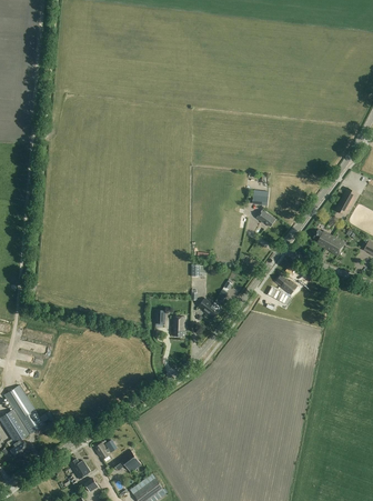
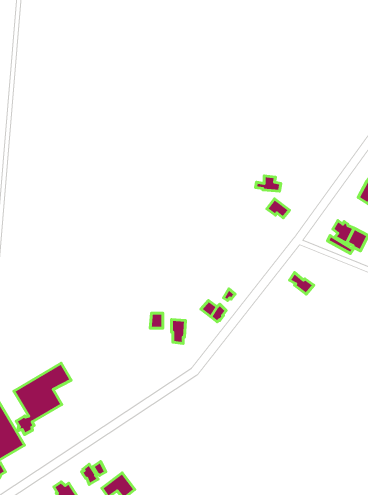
building: none -> [14,363,71,435]

